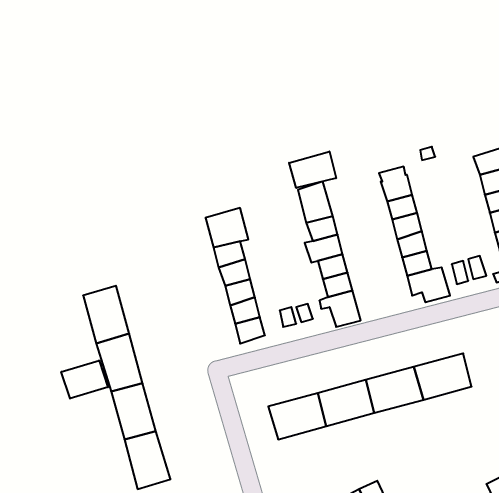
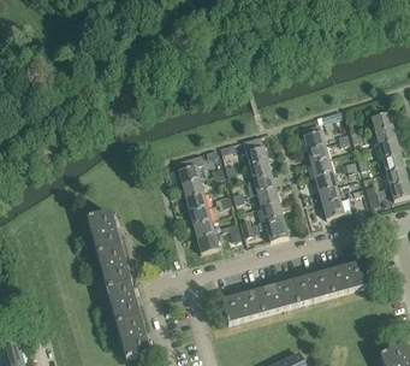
building: [289,151,336,188] -> none
building: [61,360,108,399] -> none

